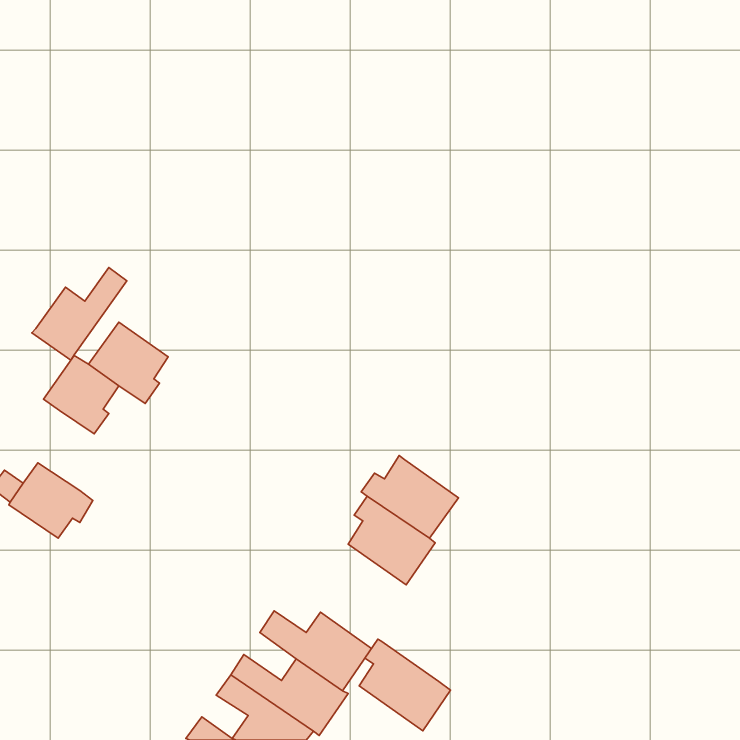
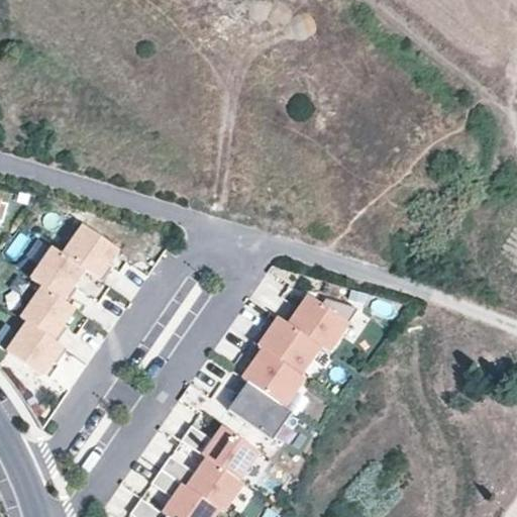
building: [32,267,127,360] -> none
building: none -> [20,286,73,341]
building: none -> [282,296,357,352]
building: [359,639,450,731] -> [227,378,291,441]

